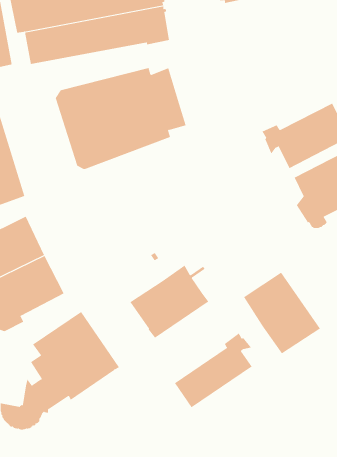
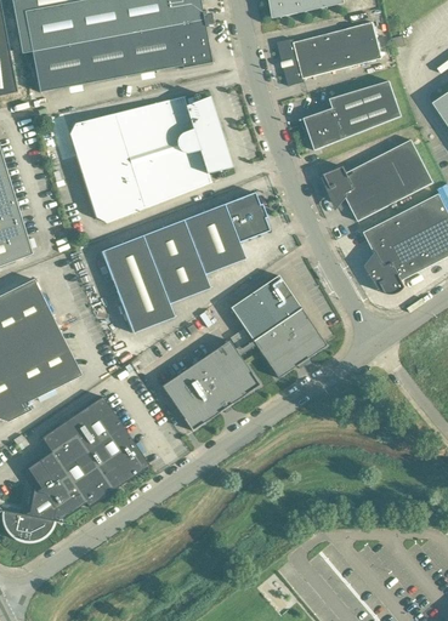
building: none -> [277,21,381,85]
building: none -> [297,74,401,149]
building: none -> [100,190,268,331]
building: [243,272,321,354] -> [229,274,325,376]
building: [174,333,252,408] -> none

